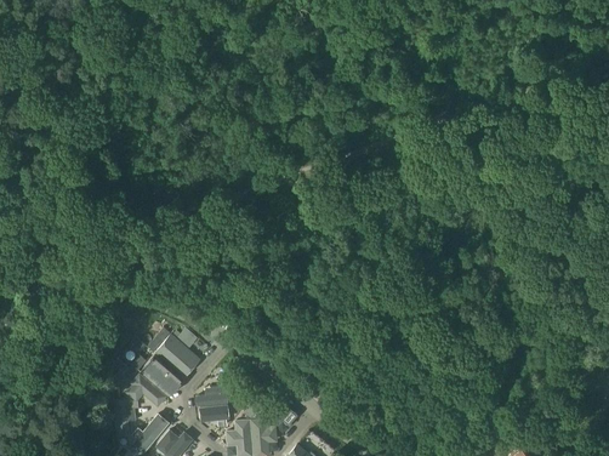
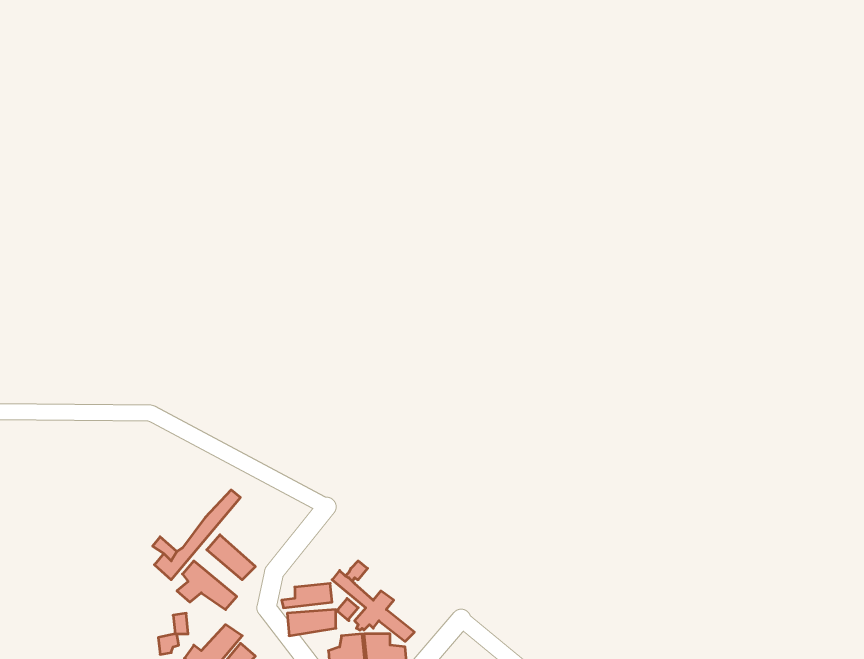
building: [156,337,200,380] -> none

